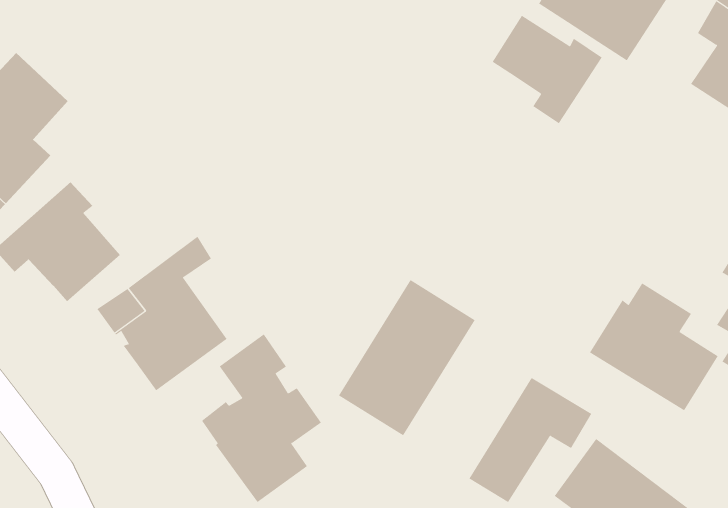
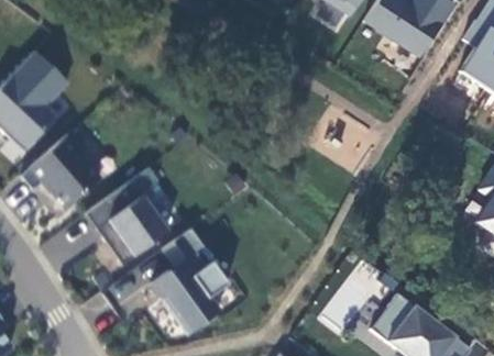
building: [492,15,602,124] -> none
building: [338,279,475,436] -> none
building: [589,282,718,411] -> none

